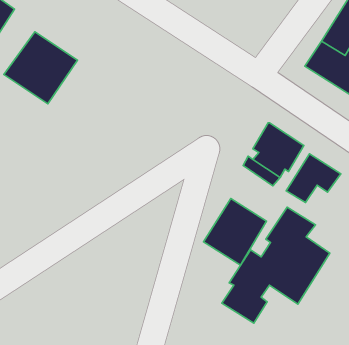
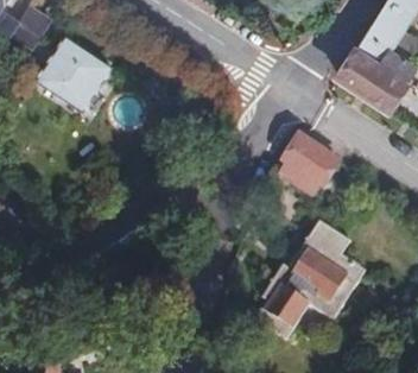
building: [286,154,341,202] -> none
building: [204,198,267,265] -> none

